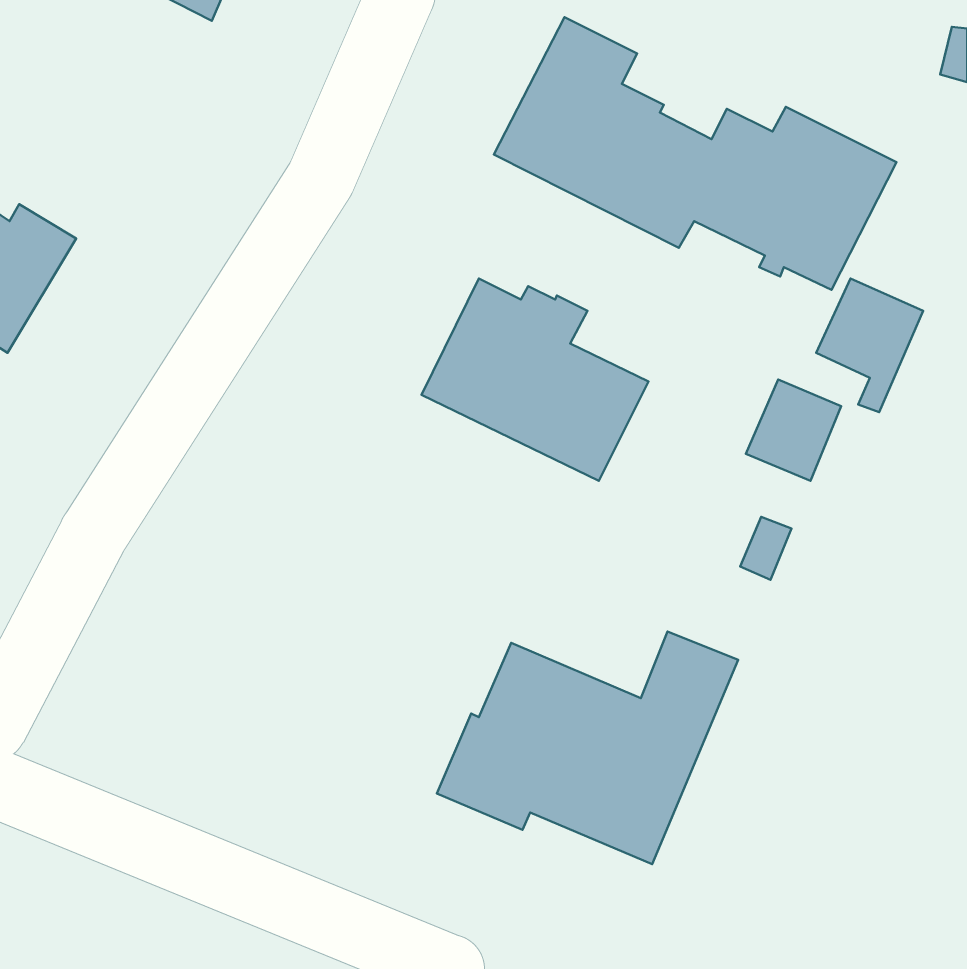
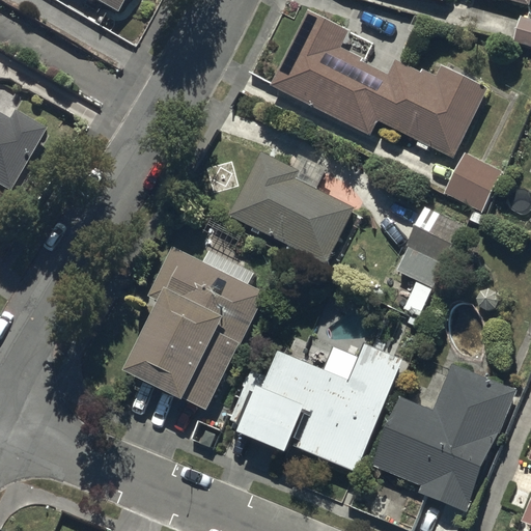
building: none -> [124,247,264,411]
building: none -> [371,363,513,511]

